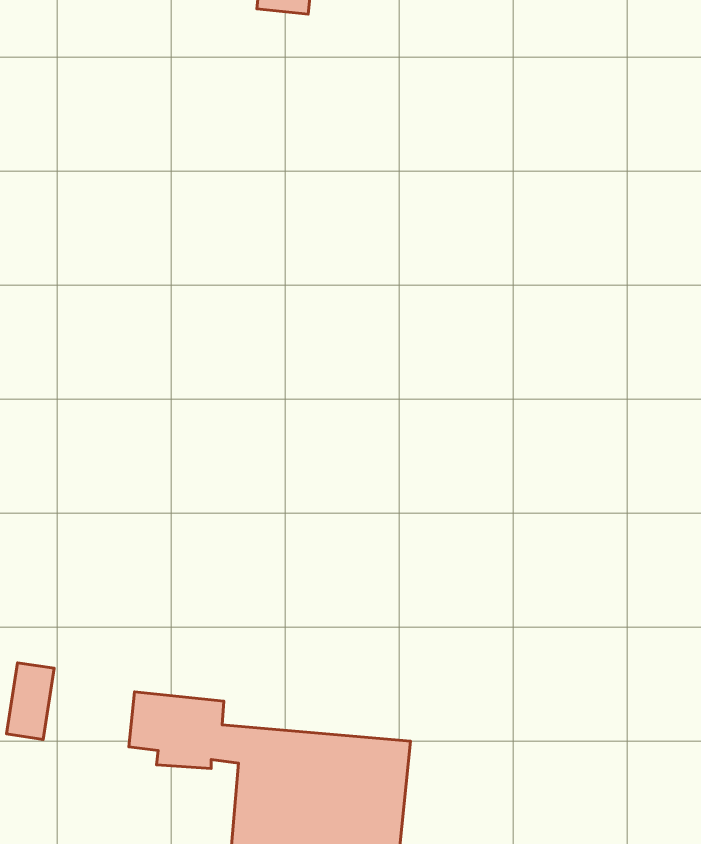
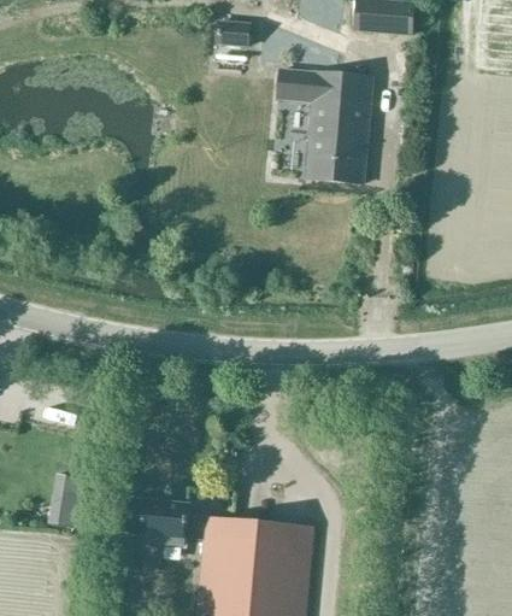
building: none -> [277,66,372,183]

